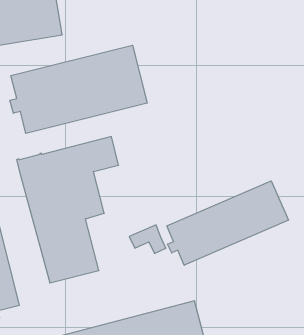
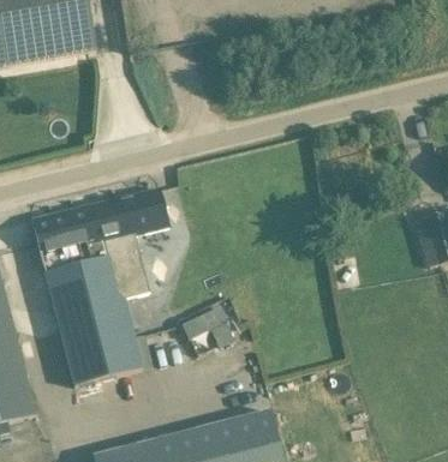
building: [10,45,147,133] -> none
building: [167,181,288,265] -> none

